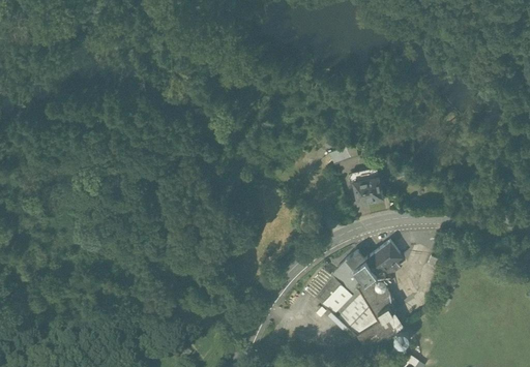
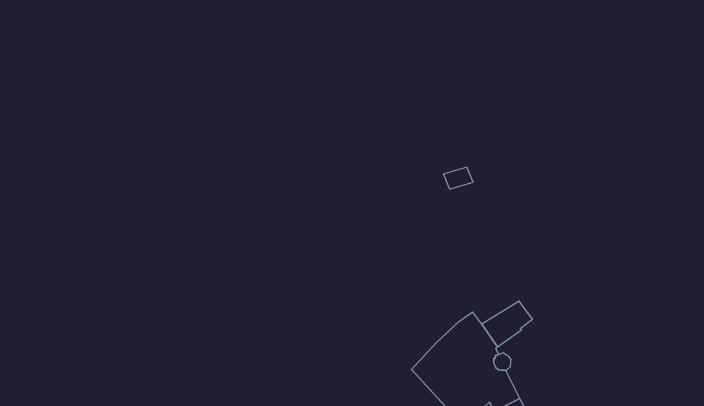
building: [353,165,382,201] -> none

